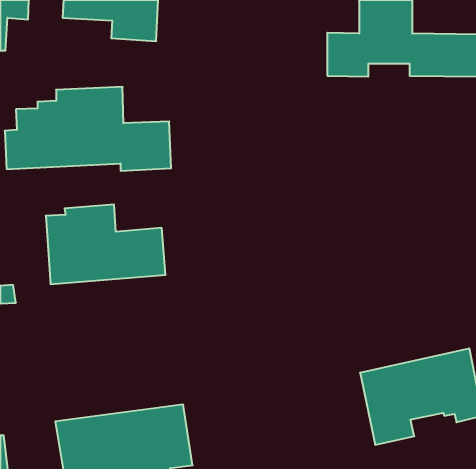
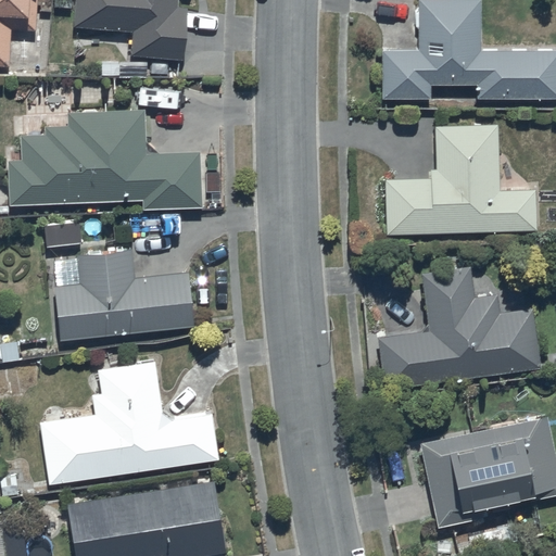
building: none -> [386,126,535,233]
building: none -> [380,269,540,389]
building: none -> [39,361,219,485]

